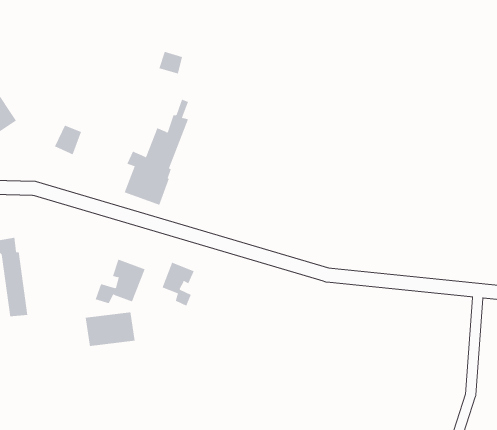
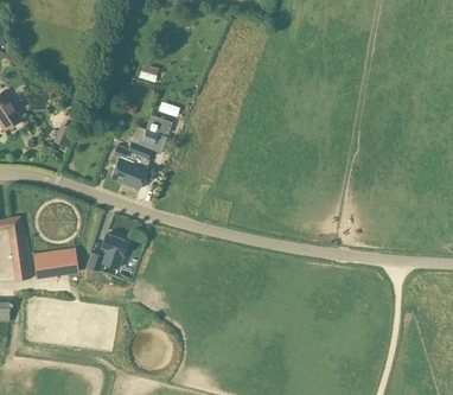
building: [162,262,194,307] -> none
building: [85,312,136,346] -> [33,250,75,279]

